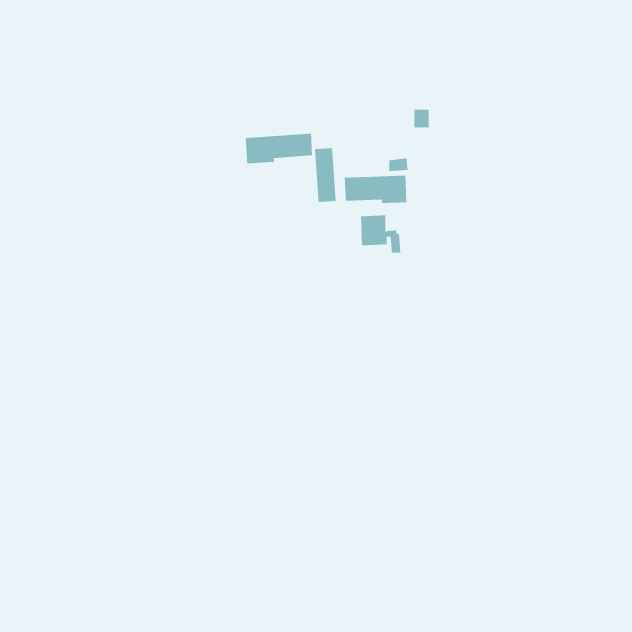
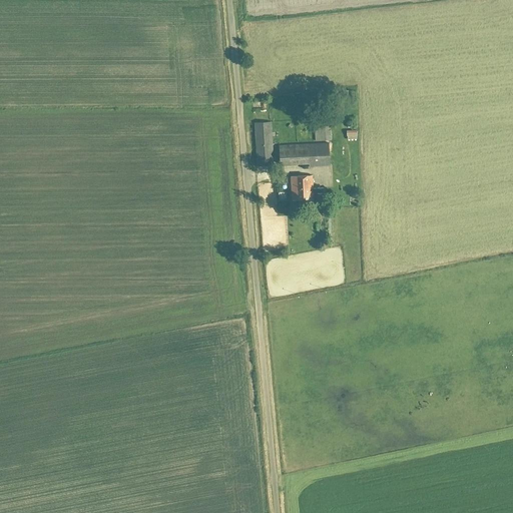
building: [245,133,313,164] -> none

